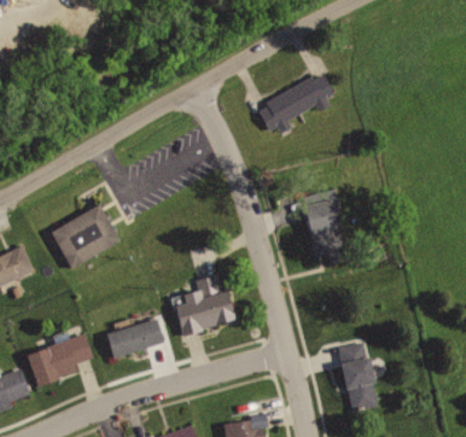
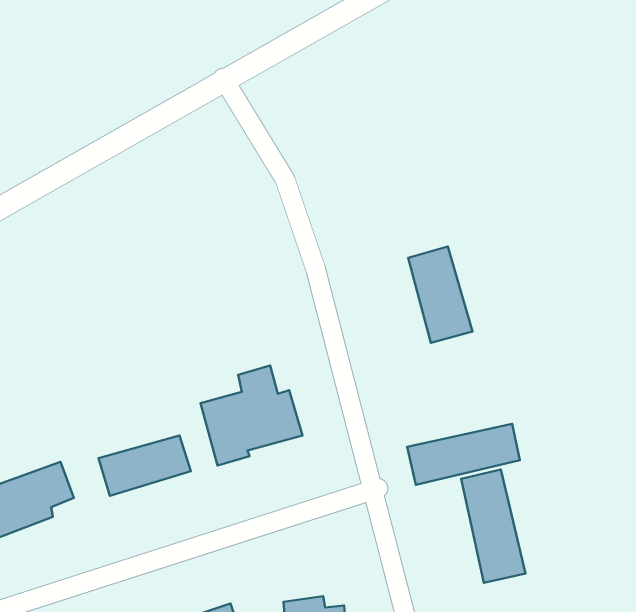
building: [256,71,334,132] -> none
building: [49,204,118,268] -> none
building: none -> [407,424,520,485]

